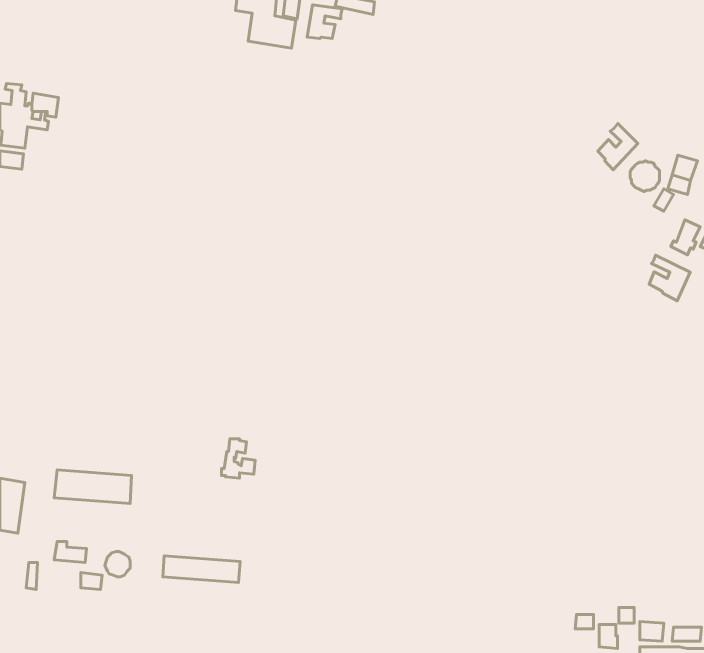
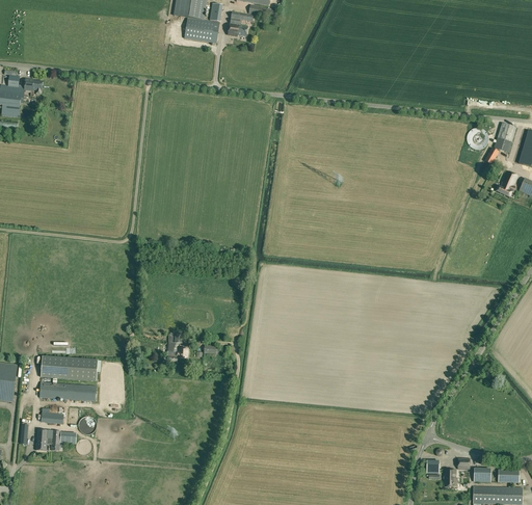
building: [598,124,638,170] -> none
building: [649,255,690,301] -> none
building: [163,556,240,583] -> [39,381,97,401]
building: none -> [36,429,60,451]

